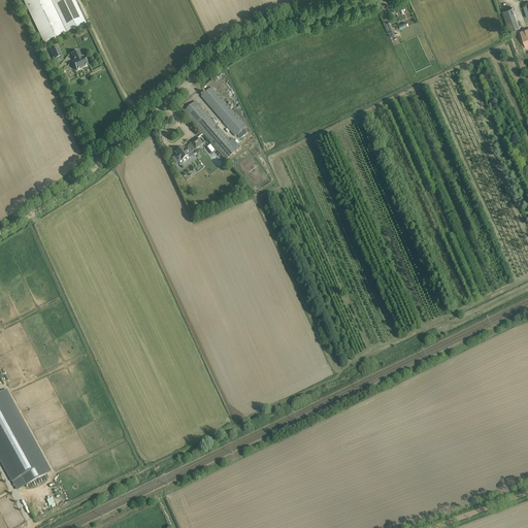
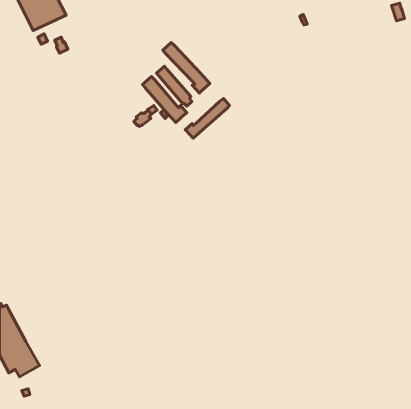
building: none -> [163,43,210,93]
building: none -> [185,98,230,138]

